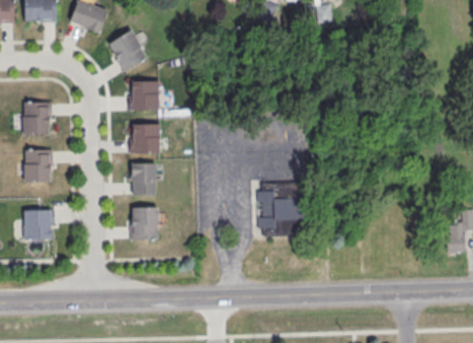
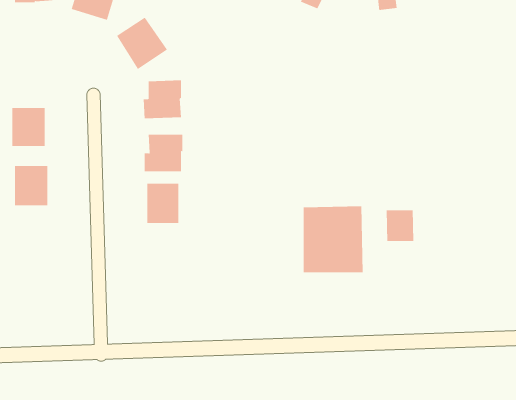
building: none -> [386,209,414,242]
building: [128,206,159,239] -> none
building: [23,209,52,239] -> none

